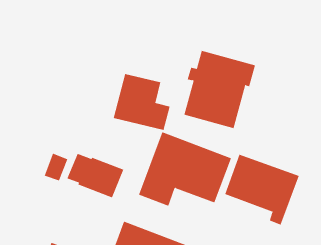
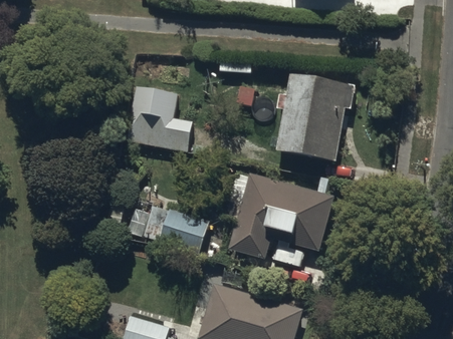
building: [113,73,170,130] -> [124,85,191,149]
building: [224,154,300,225] -> none

